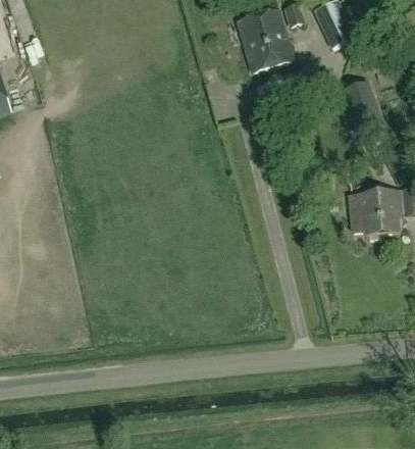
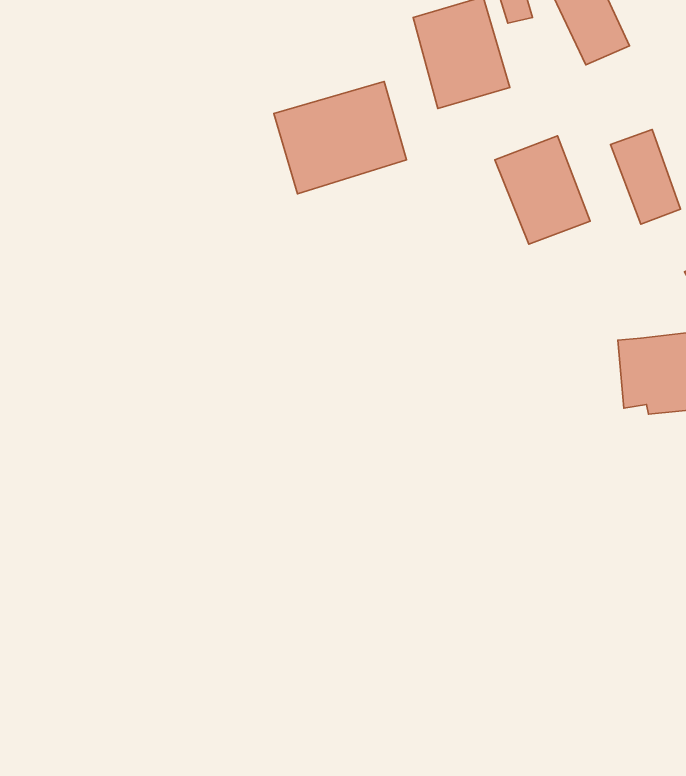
building: none -> [274,81,407,194]
building: none -> [495,136,590,244]

